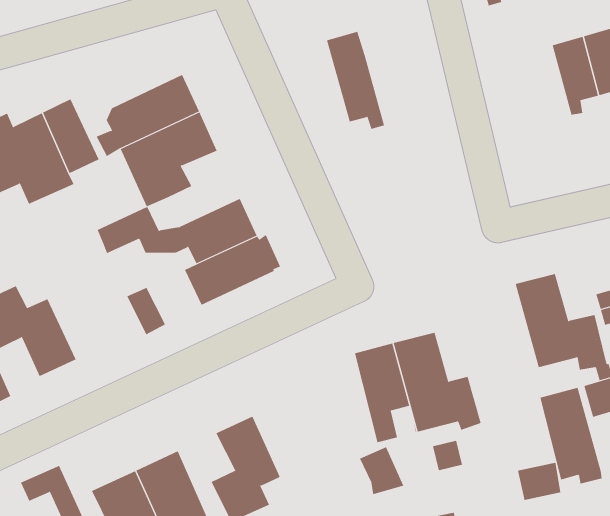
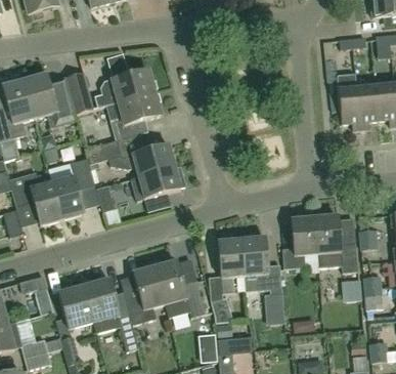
building: [326,31,385,130] -> [337,72,361,128]
building: none -> [48,156,95,217]
building: [539,387,603,484] -> [292,216,319,271]
building: none -> [156,259,206,316]

